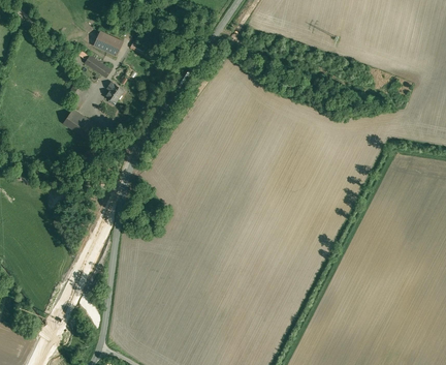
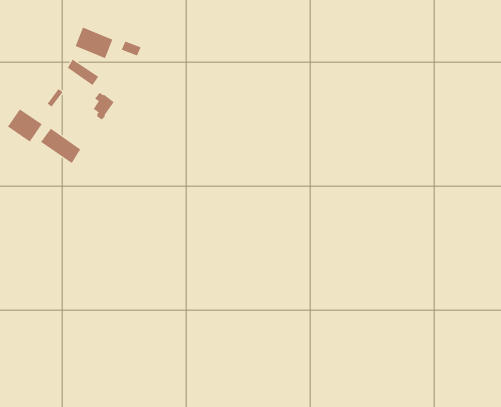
building: none -> [7,108,43,142]

